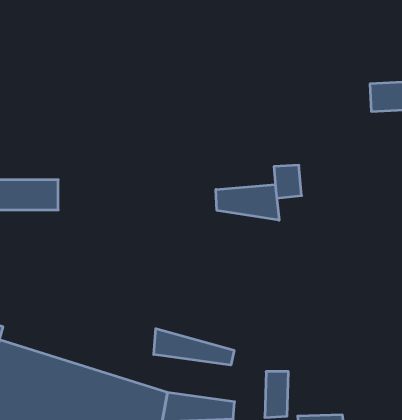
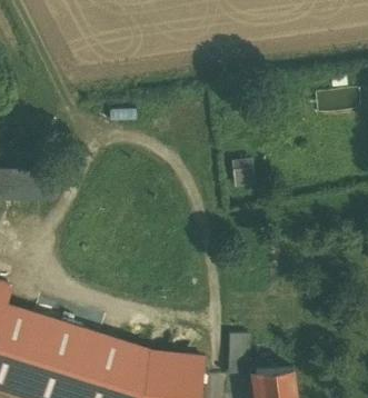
building: [216,184,279,220] -> none
building: [154,329,234,365] -> none

